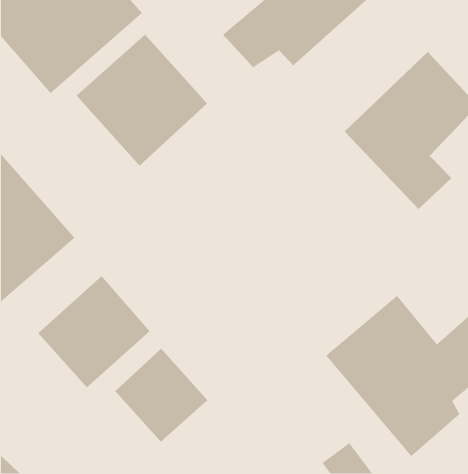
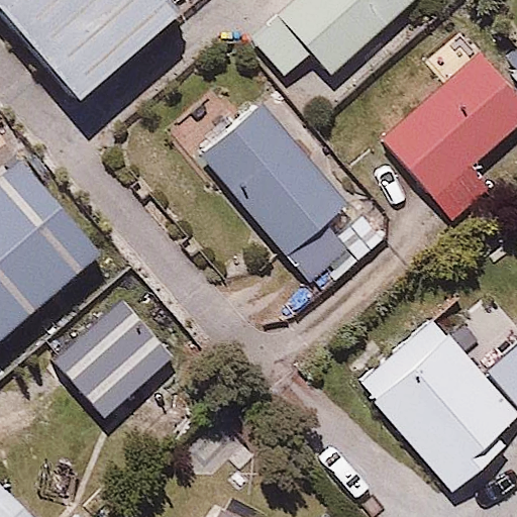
building: [76,34,208,167] -> none
building: none -> [201,104,350,280]
building: [114,348,208,443] -> none

